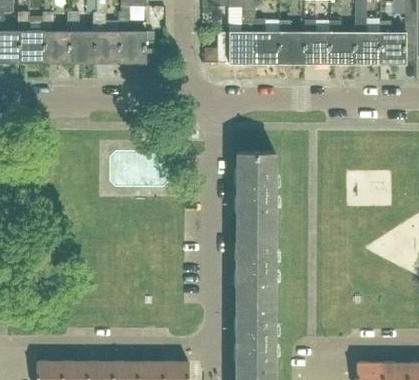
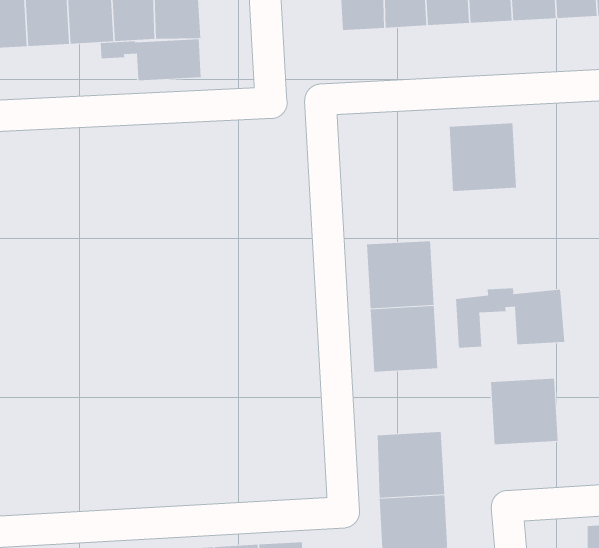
building: none -> [100,38,201,81]
building: [236,152,274,190] -> [449,123,517,191]
building: none -> [456,287,565,349]
building: [236,265,274,302] -> [490,378,558,445]

